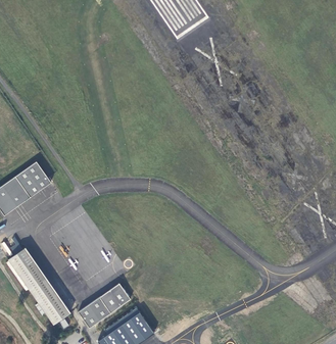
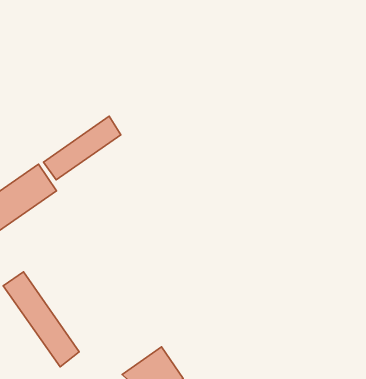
building: none -> [43,116,121,180]
building: [79,284,131,328] -> none

